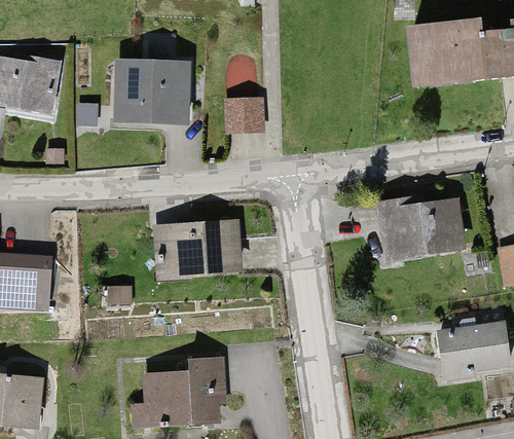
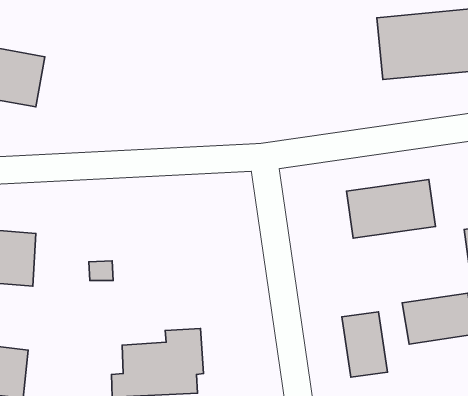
building: [110,59,189,125] -> none
building: [222,97,257,127] -> none
building: [155,219,238,280] -> none
building: none -> [342,312,387,377]

